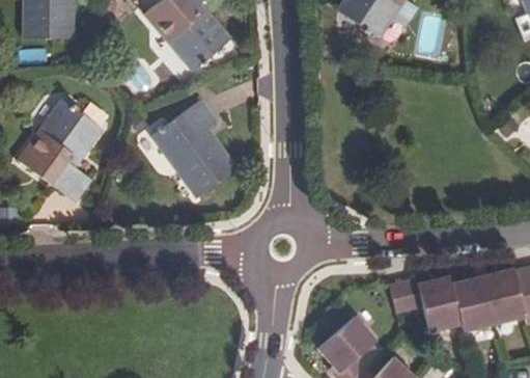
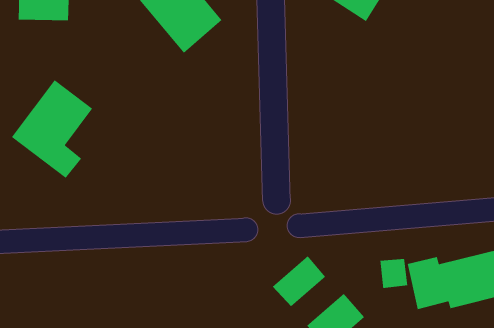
building: [155,97,239,196] -> none
building: none -> [272,255,326,307]

